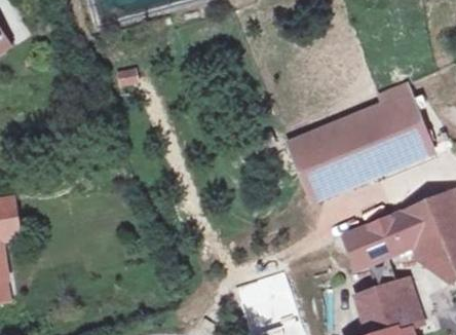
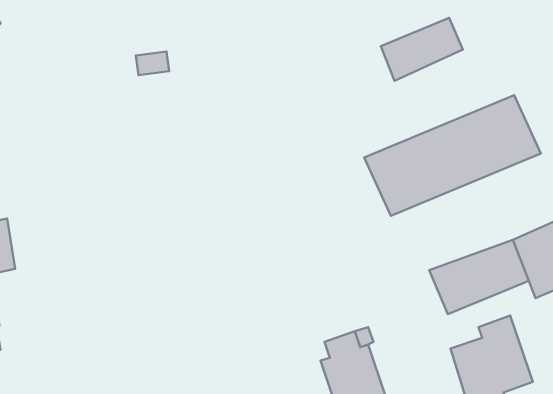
building: none -> [381,18,463,81]

